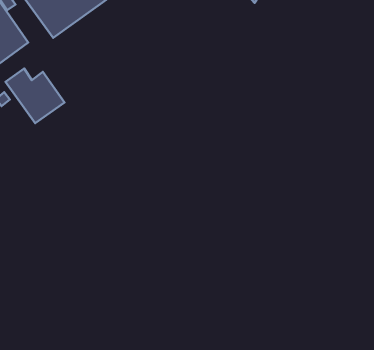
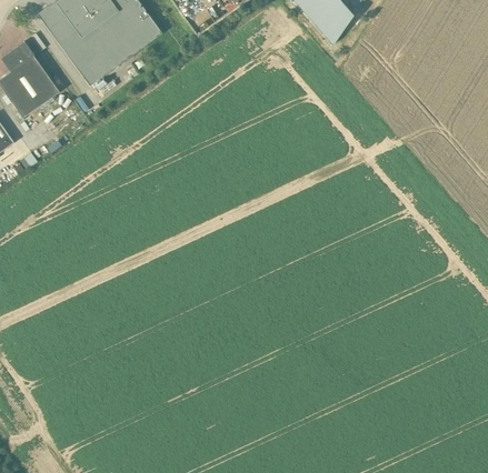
building: [6,69,65,123] -> none

